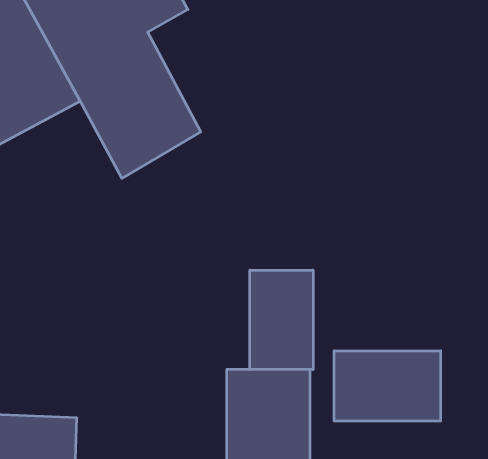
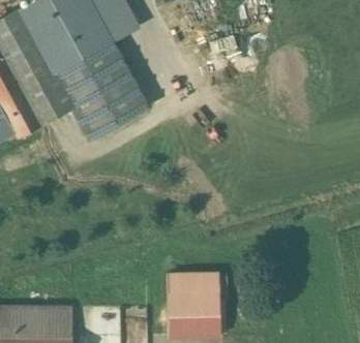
building: [250,270,313,370] -> none
building: [334,351,441,421] -> none

